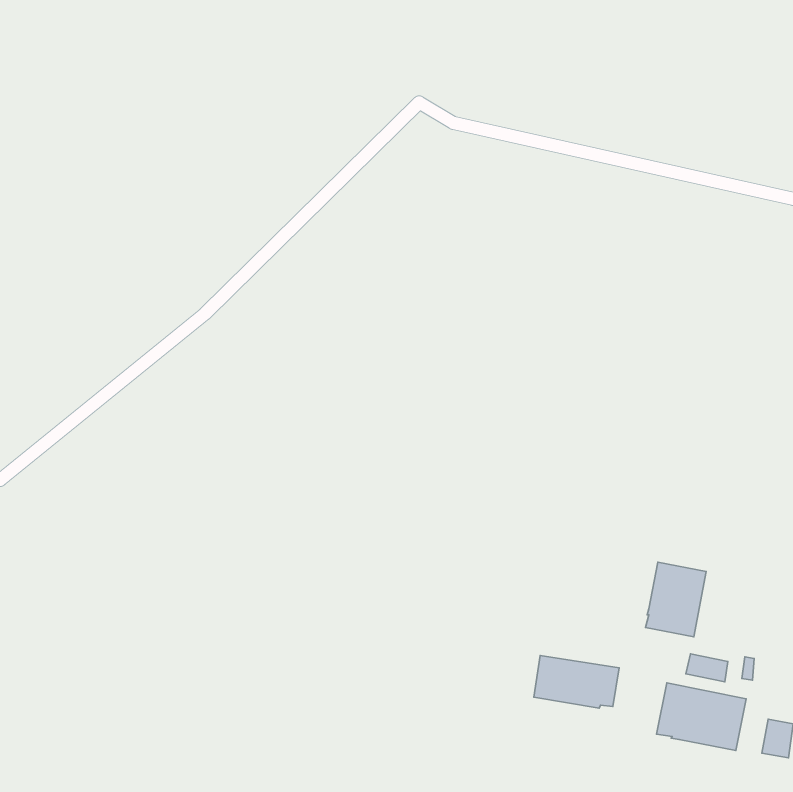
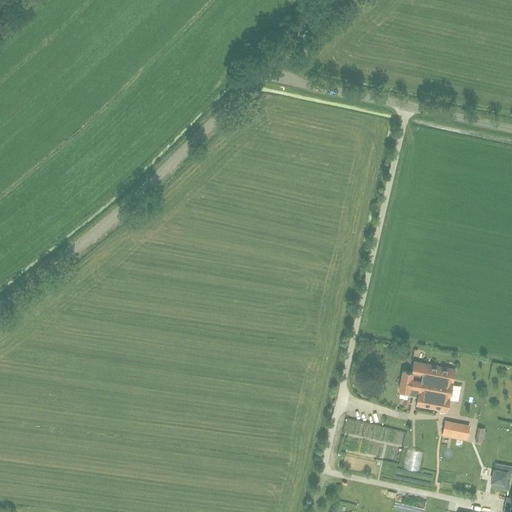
building: none -> [399,360,424,392]
building: [657,683,746,750] -> none

